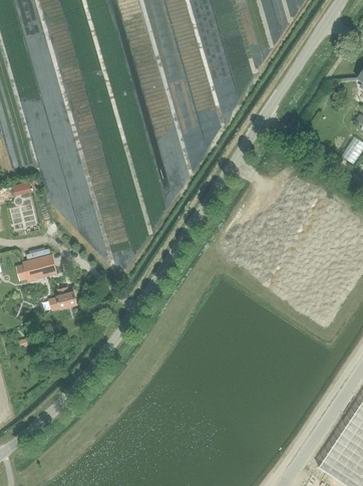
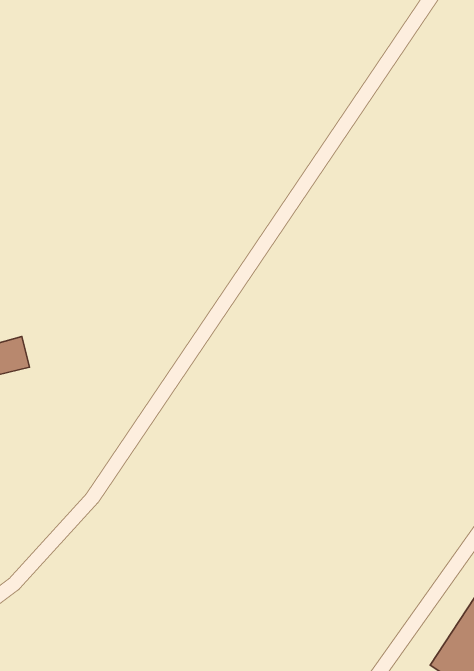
building: [49,286,77,310] -> none

